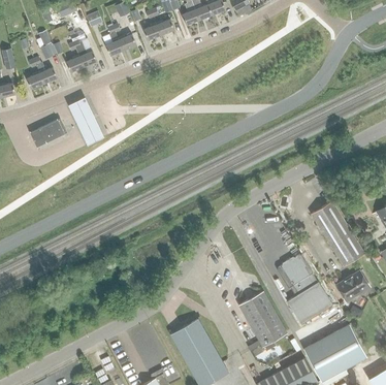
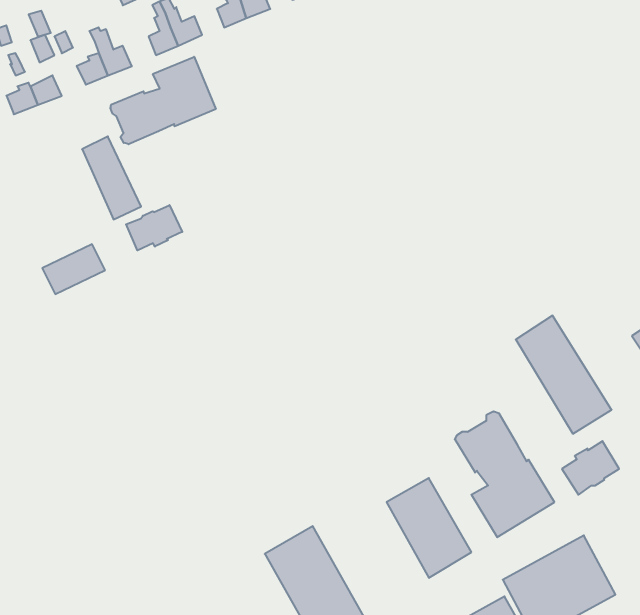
building: none -> [111,57,216,144]
building: [29,119,64,147] -> [42,244,105,294]
building: none -> [126,205,182,250]

